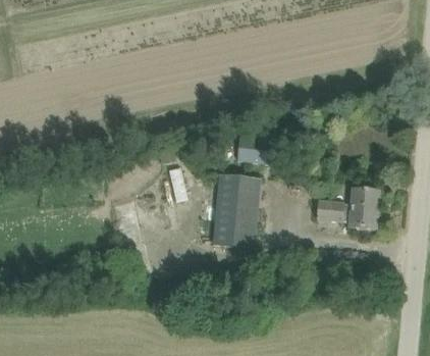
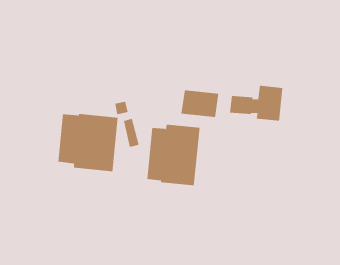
building: none -> [58,113,118,172]
building: [316,187,380,230] -> [229,85,283,121]

